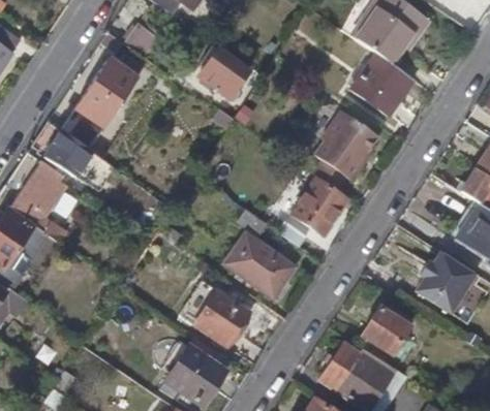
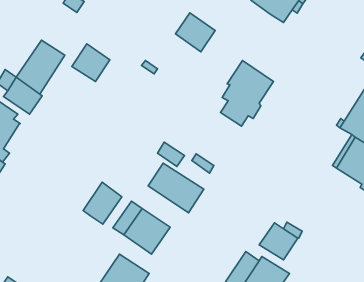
building: [200,50,248,97] -> [176,13,215,52]
building: [349,52,412,114] -> none
building: [93,56,140,102] -> [72,44,110,82]
building: [294,180,347,234] -> none
building: [418,252,477,314] -> none
building: none -> [83,182,122,224]

